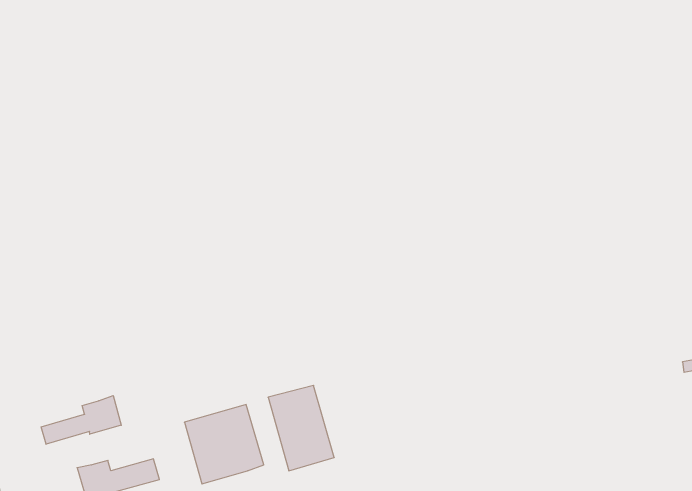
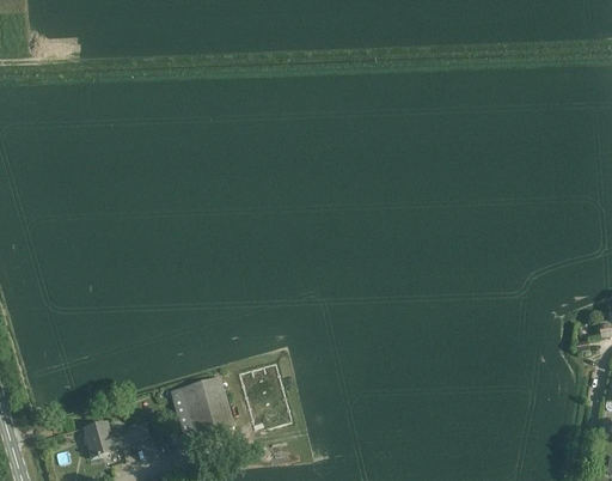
building: [41,396,121,444] -> none

